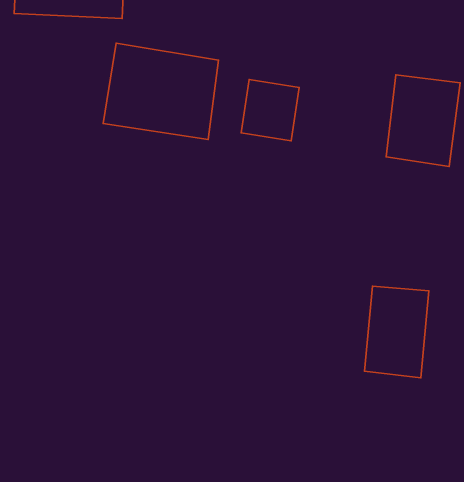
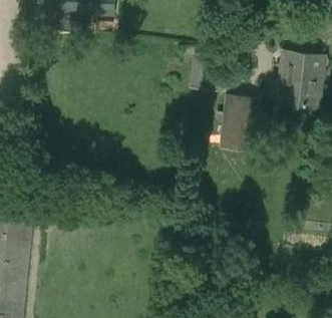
building: [103,43,219,139] -> none
building: [364,286,429,378] -> [215,93,255,150]

